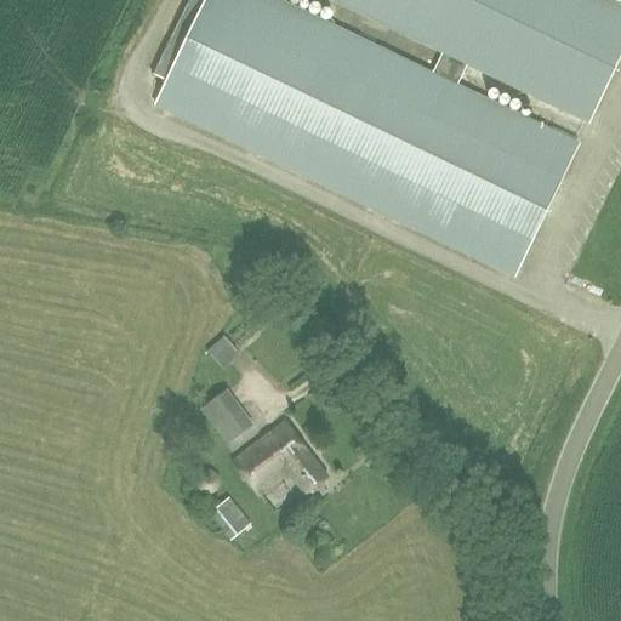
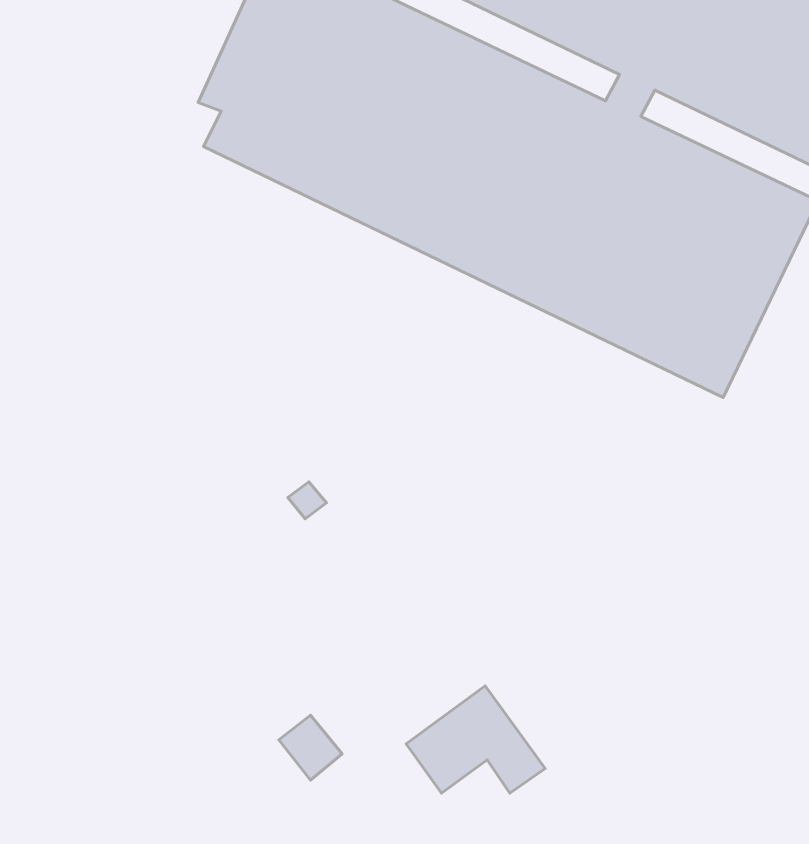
building: [206,381,252,426] -> none
building: [233,421,329,495] -> [406,686,545,793]

